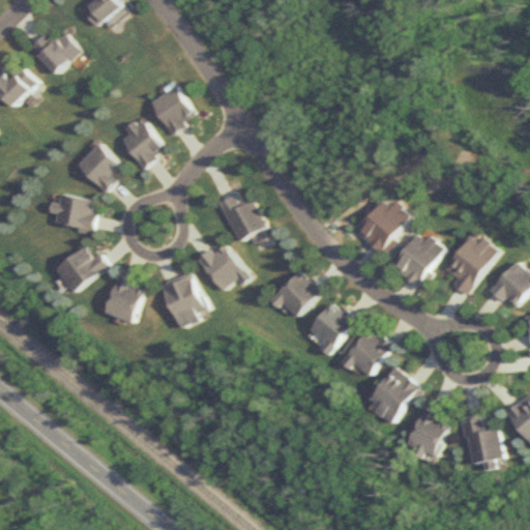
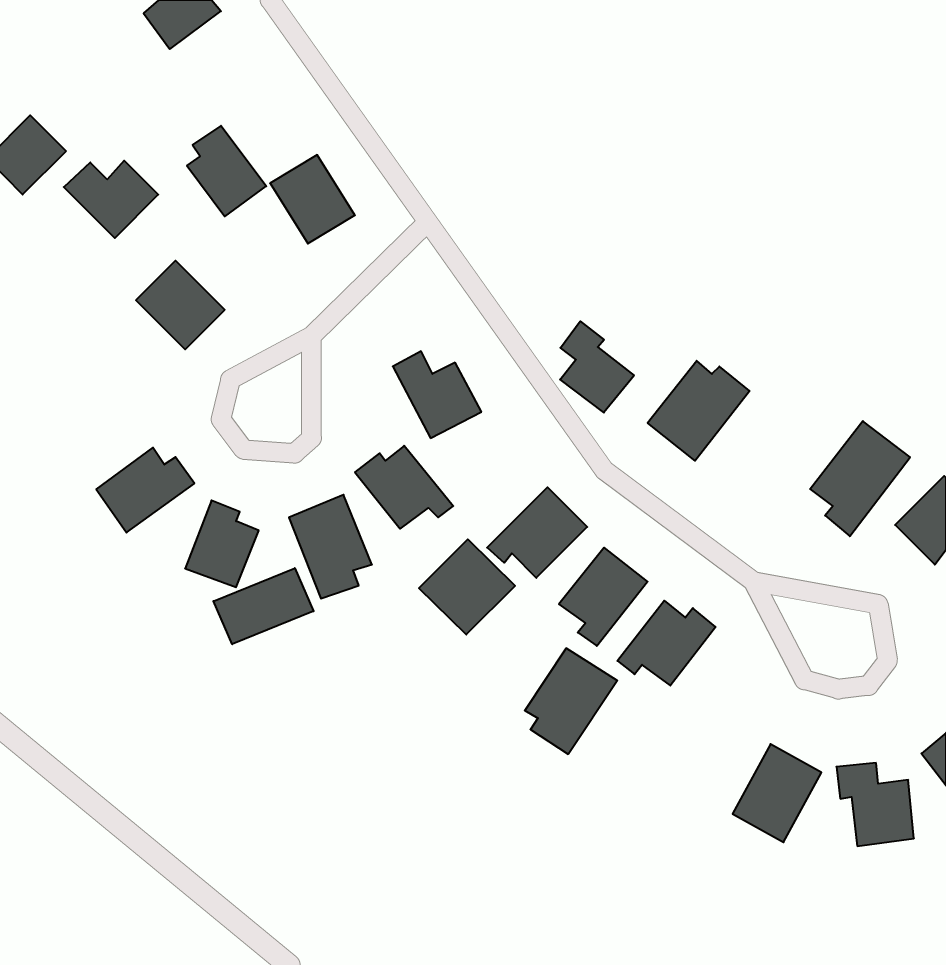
building: [29,31,81,73] -> [64,161,158,238]
building: [119,117,163,167] -> [187,126,266,216]
building: none -> [560,321,634,413]
building: [46,194,95,232] -> none
building: [390,230,443,286] -> none
building: none -> [419,539,515,635]
building: none -> [213,568,314,644]
building: [367,366,418,424] -> [525,648,617,754]

